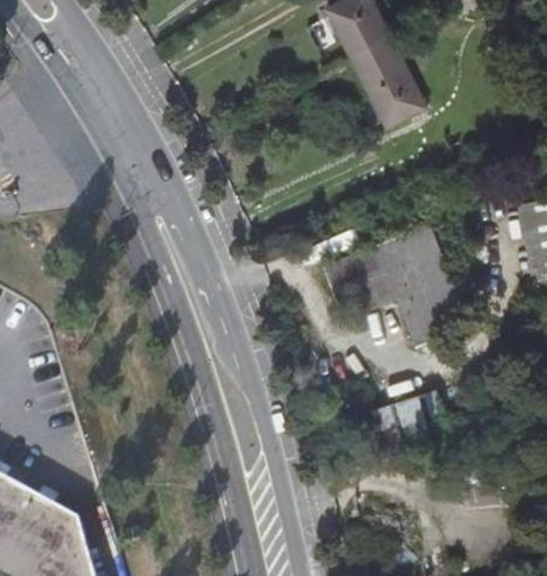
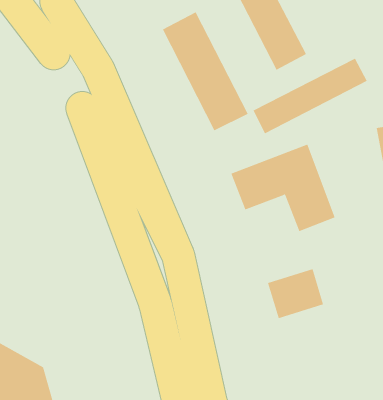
building: none -> [162,12,249,131]
building: none -> [253,58,368,134]

